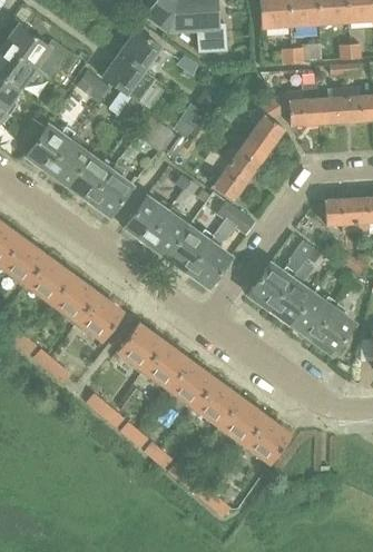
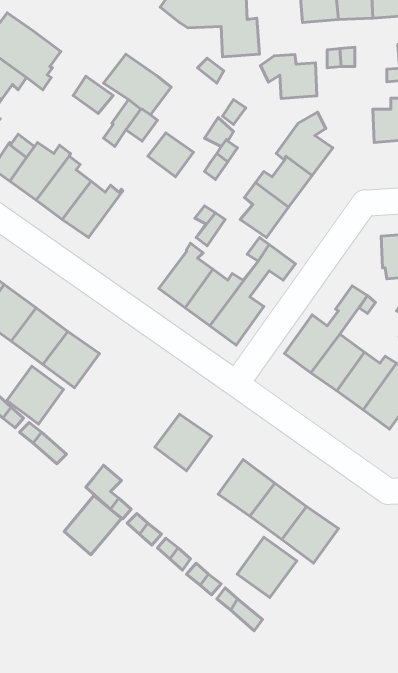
building: [119,29,161,70] -> none
building: [274,90,320,126] -> [260,55,317,99]
building: [89,162,132,216] -> none
building: [125,196,168,241] -> none
building: [78,294,124,341] -> [7,366,63,424]
building: [117,324,163,369] -> none
building: [168,361,214,407] -> none
building: none -> [64,496,122,555]
building: none -> [237,537,297,598]

